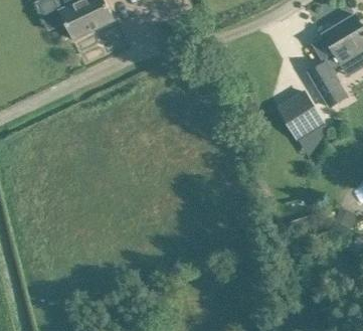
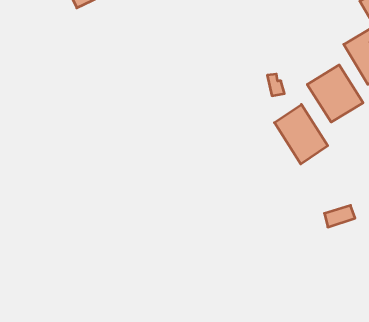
building: none -> [274,104,328,164]

